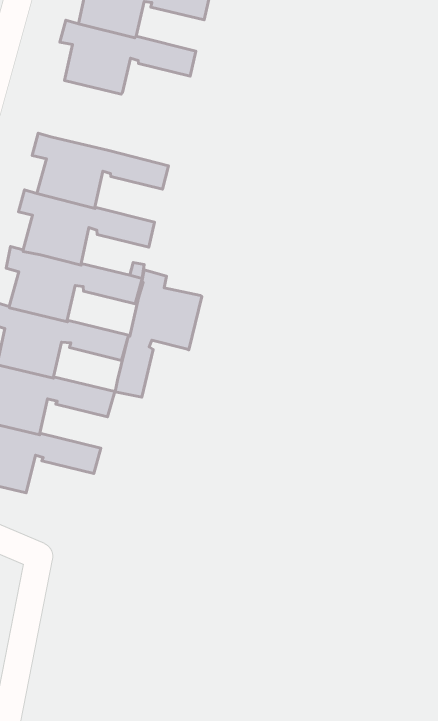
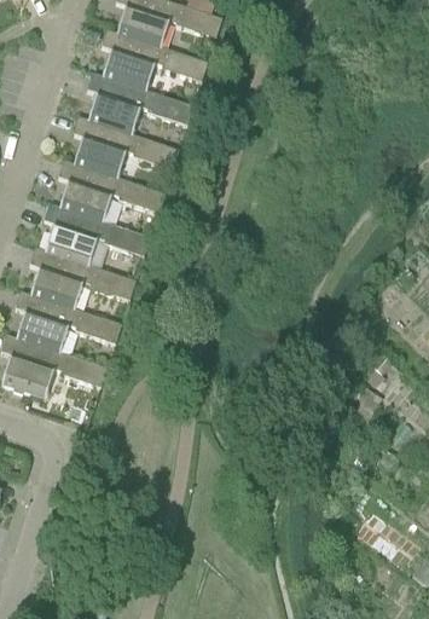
building: none -> [86,73,192,134]
building: [115,270,202,397] -> none

